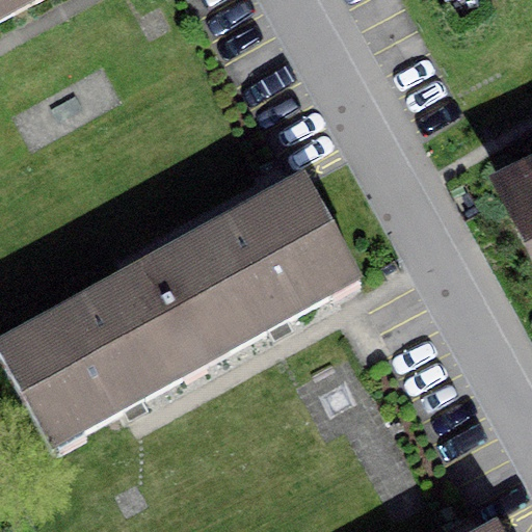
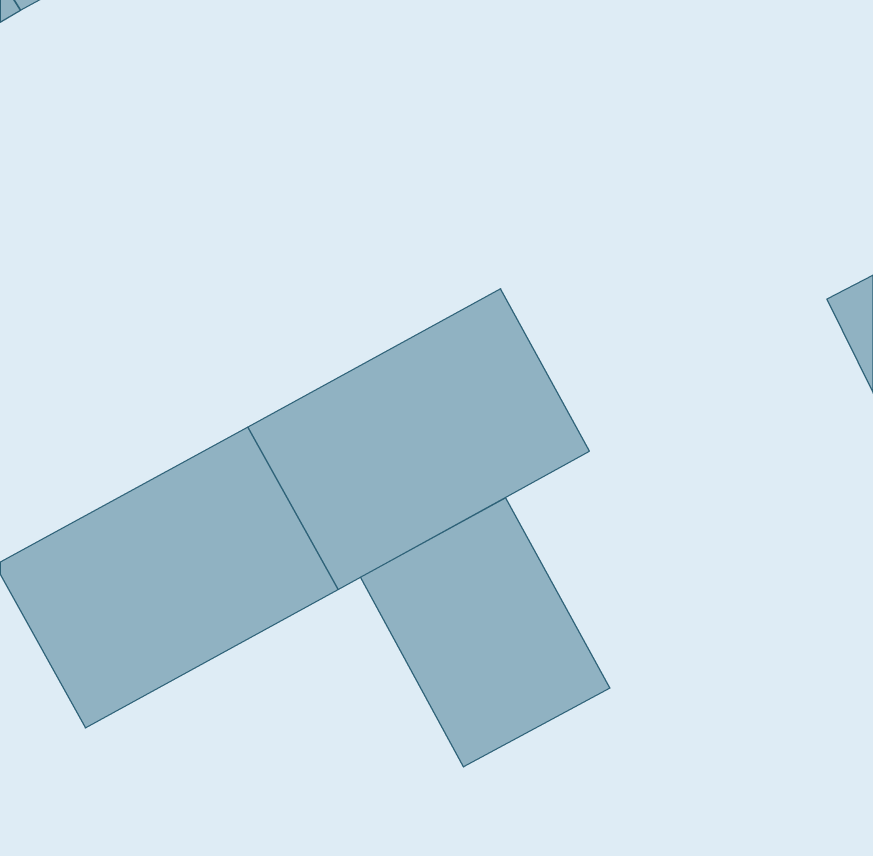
building: none -> [361,498,610,767]

